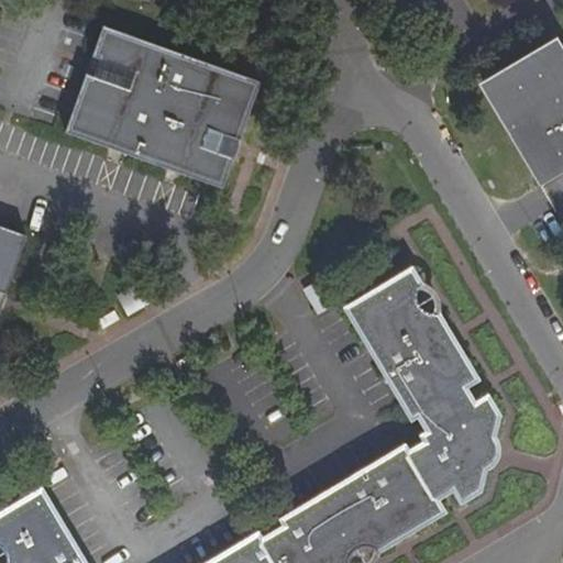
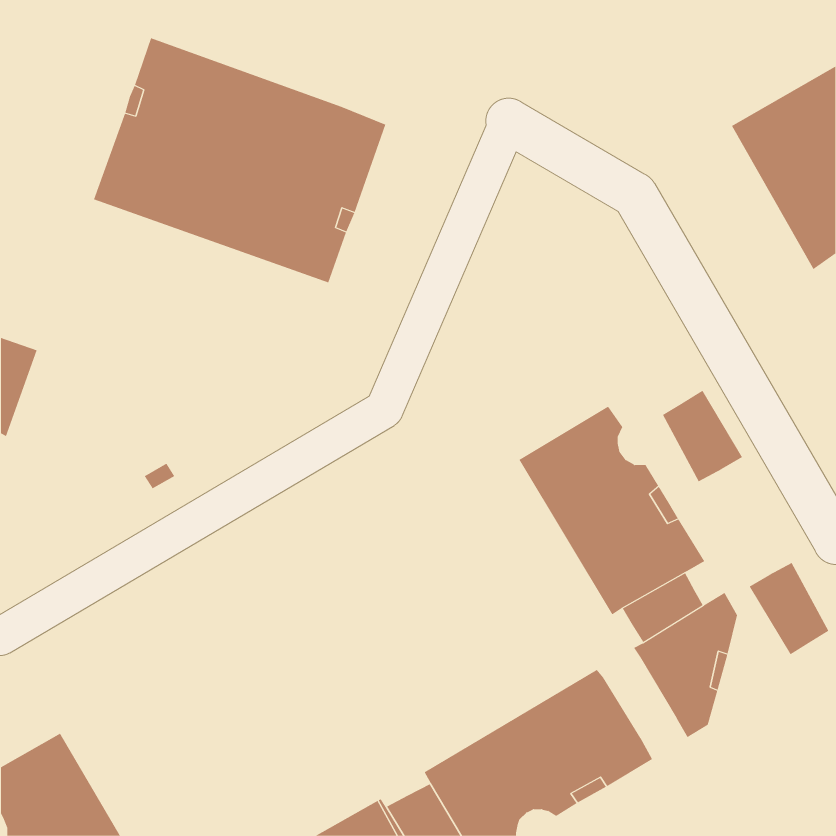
building: none -> [662,390,743,482]
building: none -> [749,562,829,655]
building: [406,442,454,496] -> none

